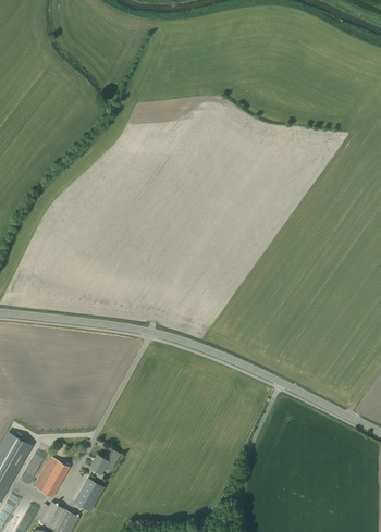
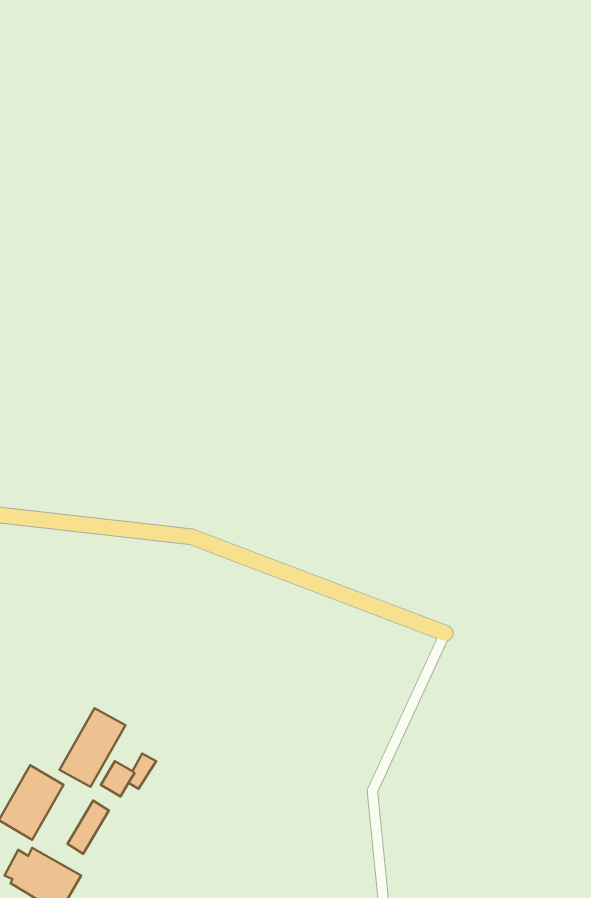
building: none -> [59,708,126,787]

